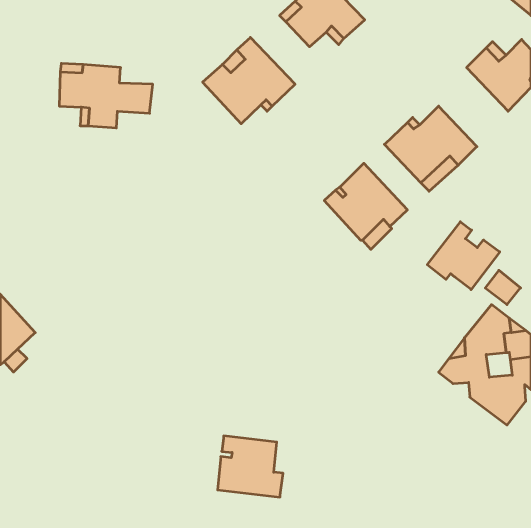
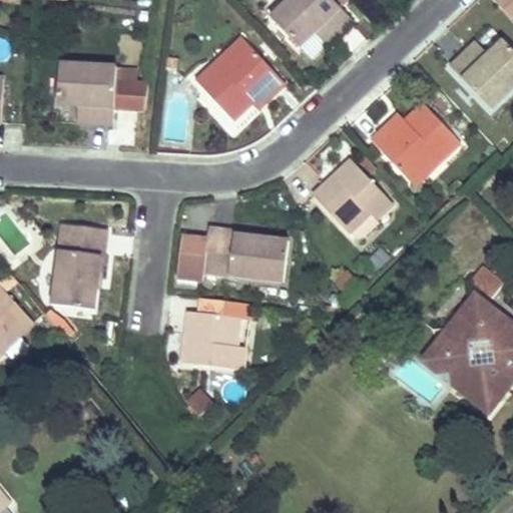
building: [427,222,500,290] -> none
building: none -> [52,222,107,308]
building: none -> [176,226,289,281]
building: [218,436,283,497] -> [182,310,245,369]

